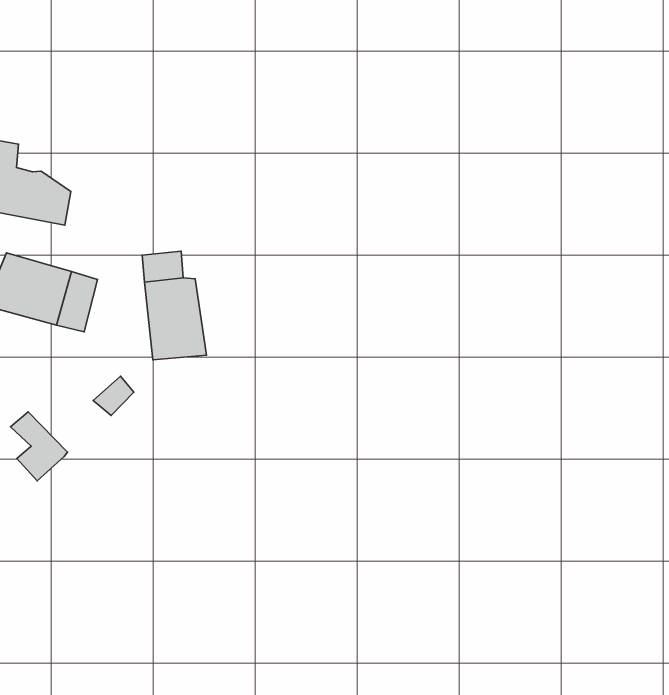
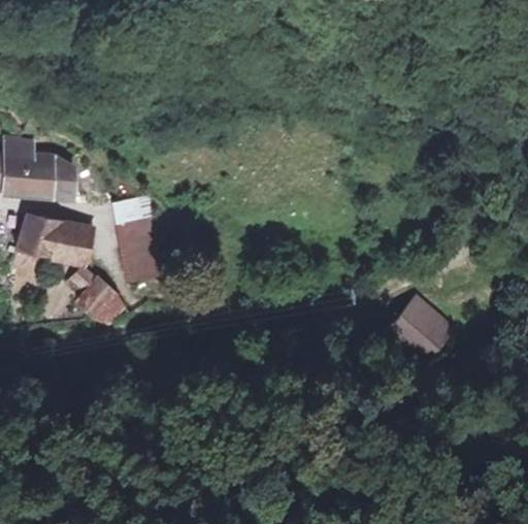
building: [11,412,68,481] -> [72,265,113,313]
building: none -> [388,297,454,361]

